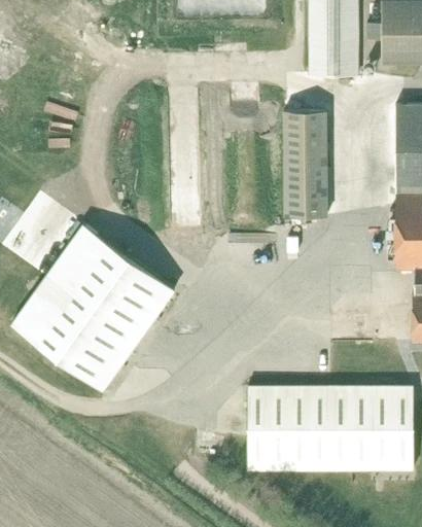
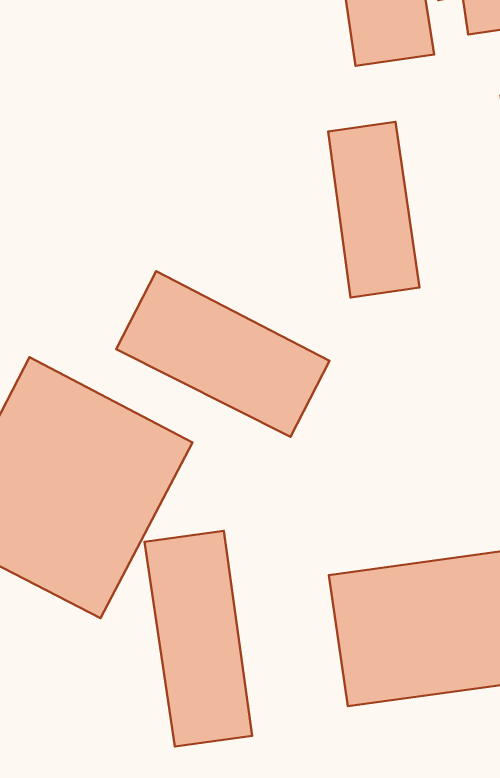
building: none -> [116,271,330,437]
building: none -> [145,531,252,747]

